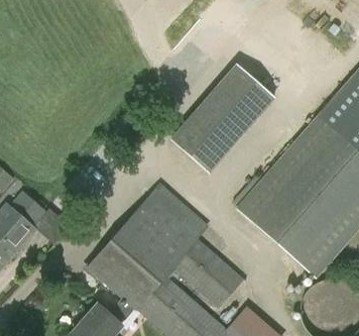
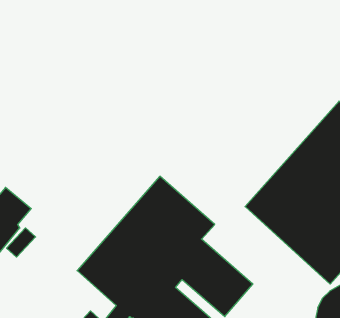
building: [170,63,275,173] -> none

